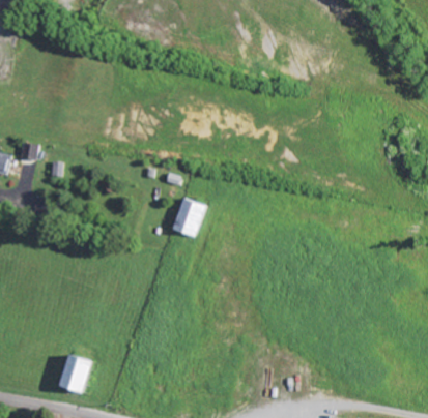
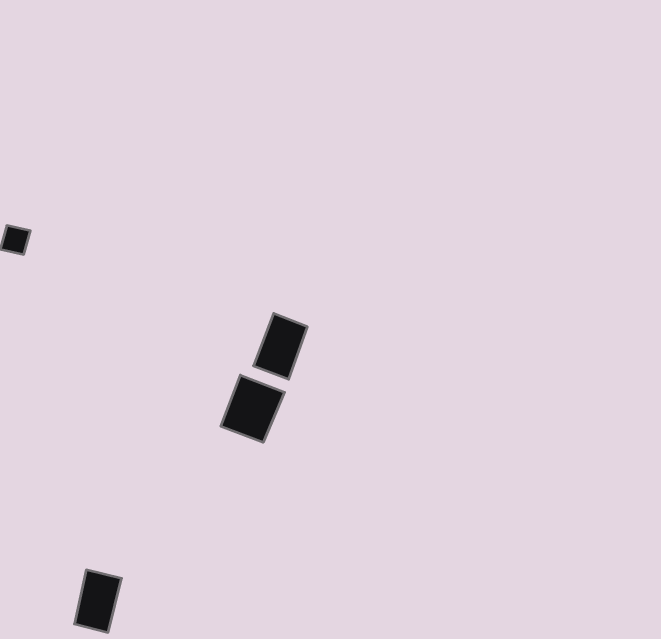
building: none -> [221,375,285,442]

